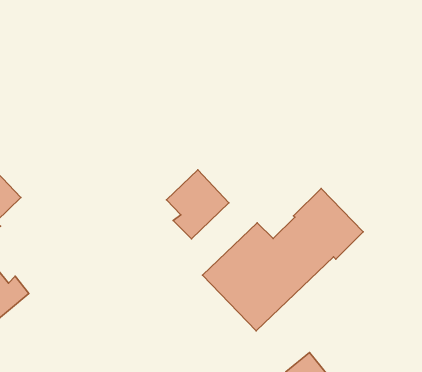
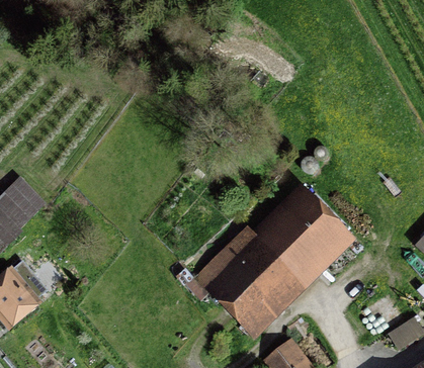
building: [166,170,229,239] -> none

